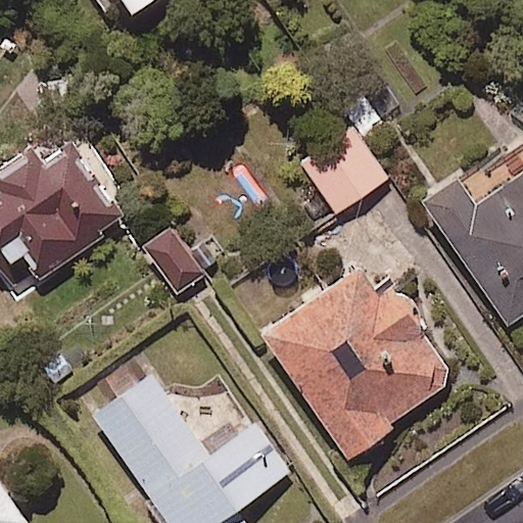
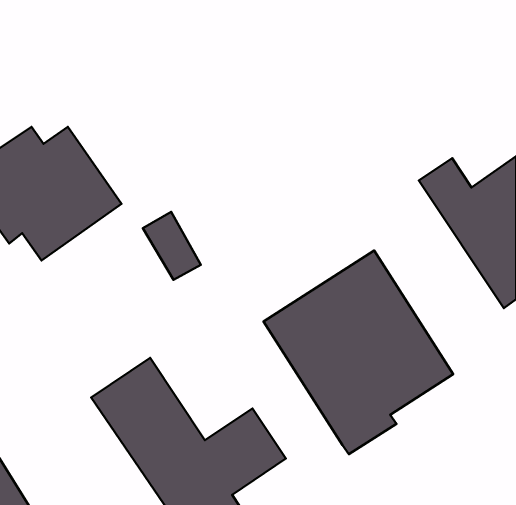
building: [301,129,387,216] -> none

